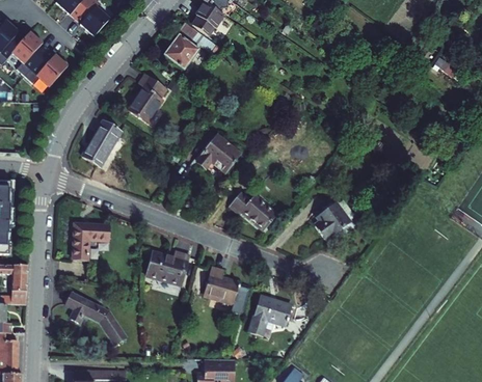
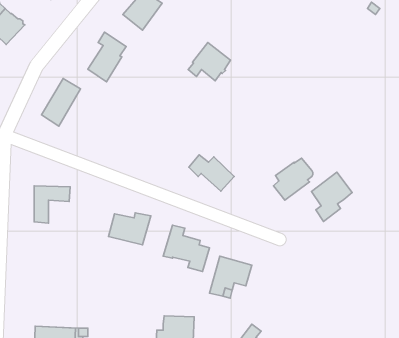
building: [197,134,240,172] -> [188,43,231,81]
building: none -> [311,172,352,221]
building: [64,291,124,345] -> none

